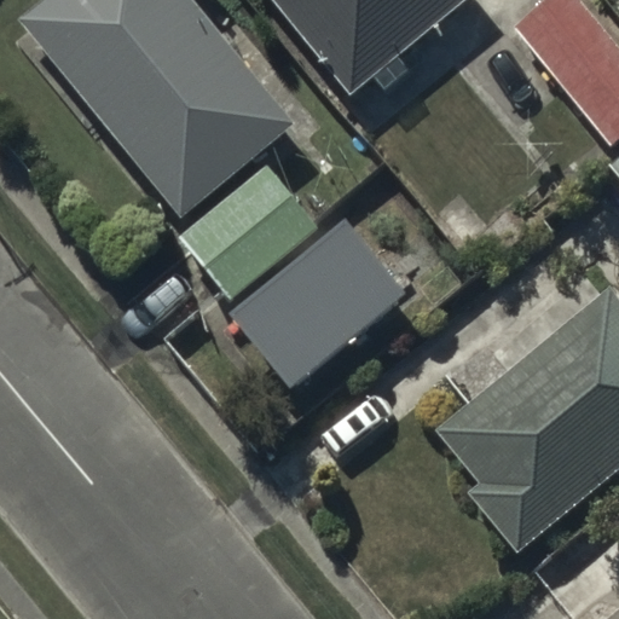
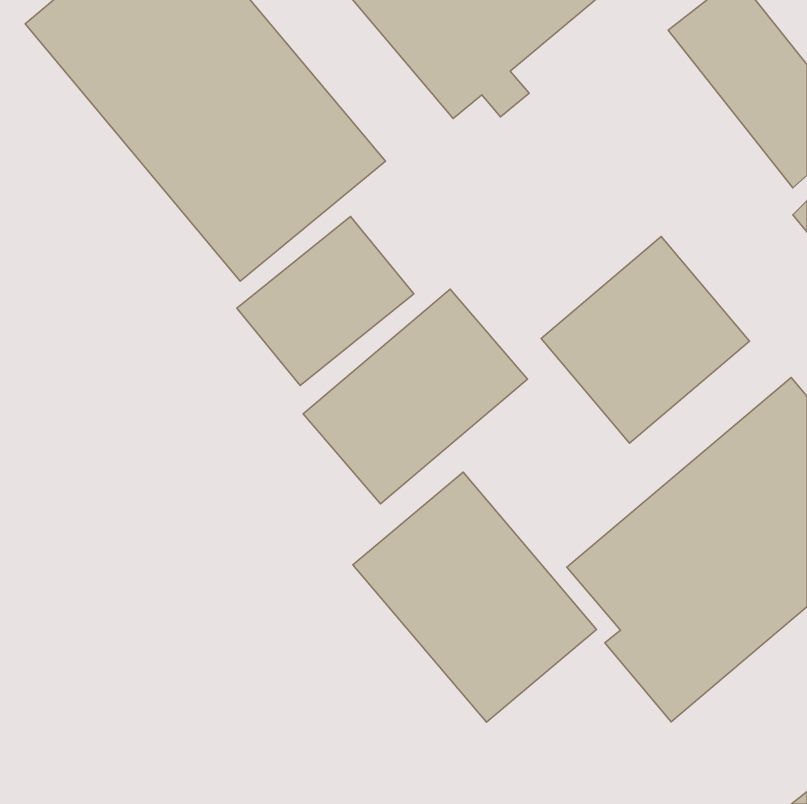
building: none -> [541,236,749,443]
building: none -> [353,472,597,722]

